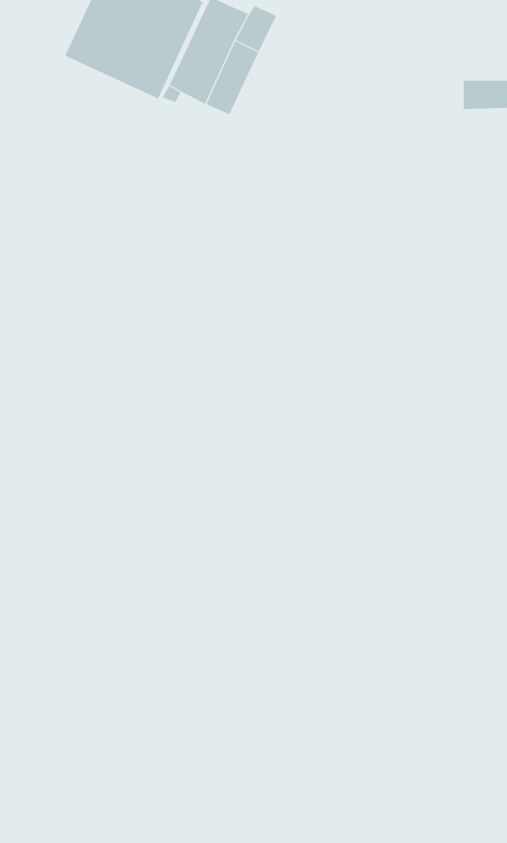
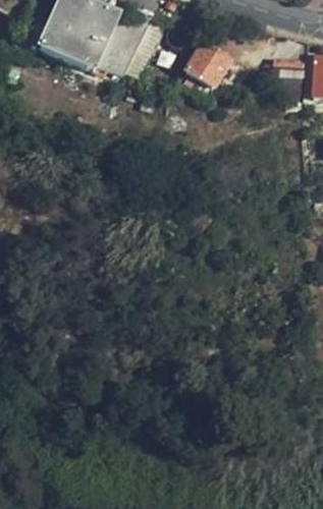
building: none -> [185,41,229,86]

